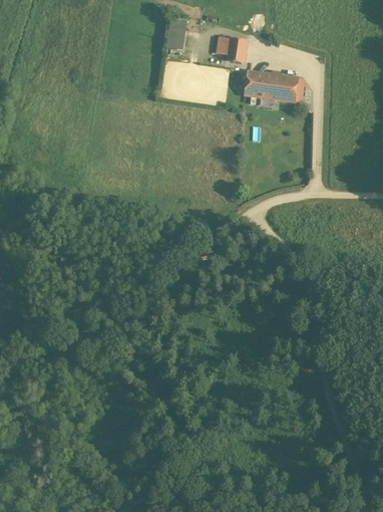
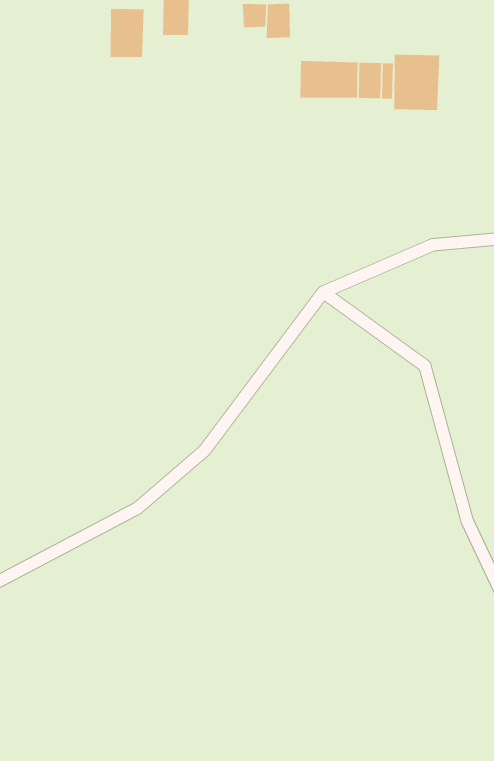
building: none -> [110,8,145,58]
building: none -> [393,54,440,111]

